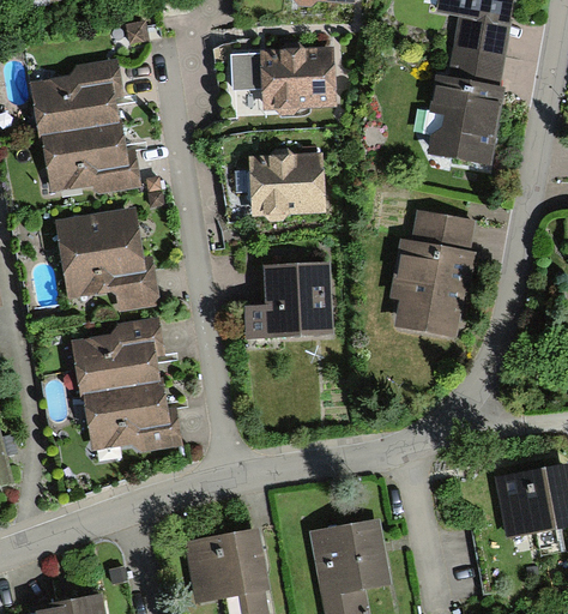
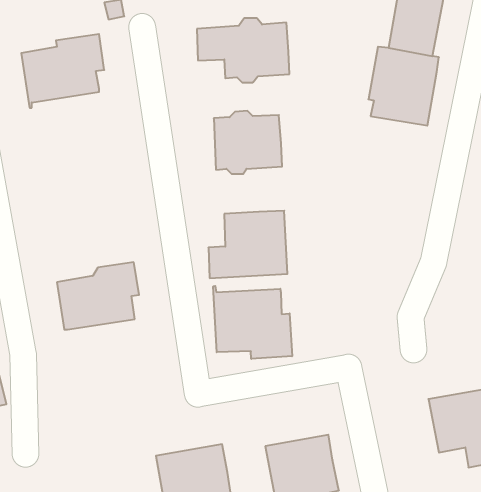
building: [42,122,140,193] -> none
building: [53,207,159,313] -> none
building: [388,211,476,337] -> none
building: none -> [213,286,292,359]
building: [83,385,181,452] -> none

